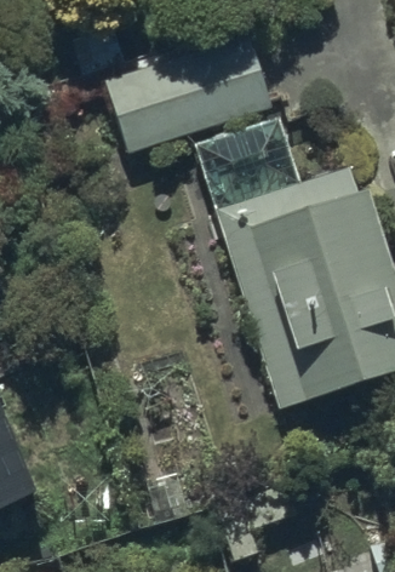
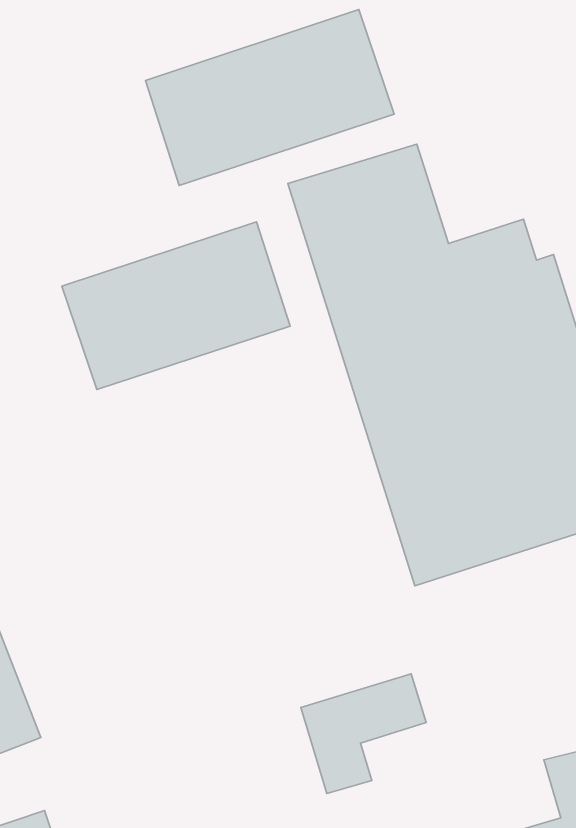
building: none -> [62,222,290,390]

